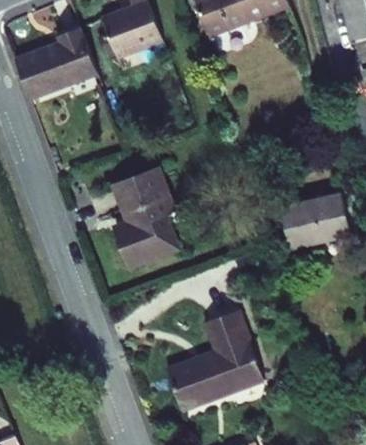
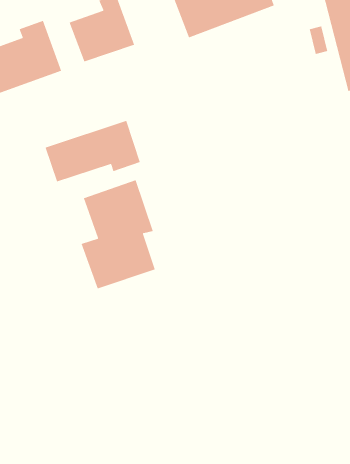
building: none -> [45,120,141,183]
building: [284,200,353,256] -> none
building: [167,316,264,415] -> none

